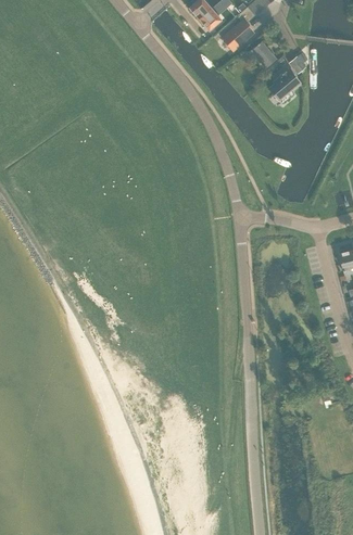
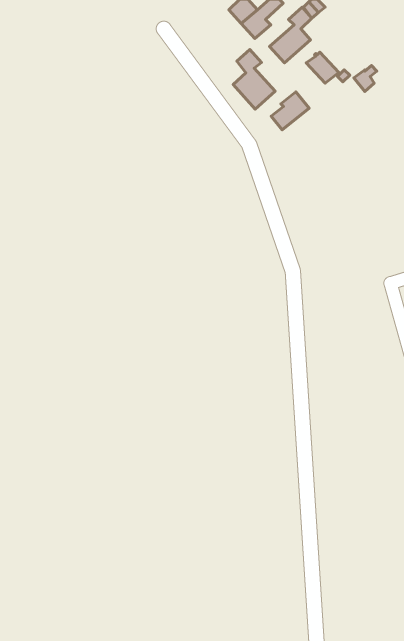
building: none -> [233,49,275,109]
building: [268,69,299,100] -> [271,92,309,130]

